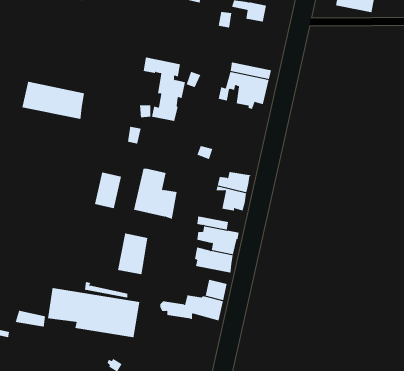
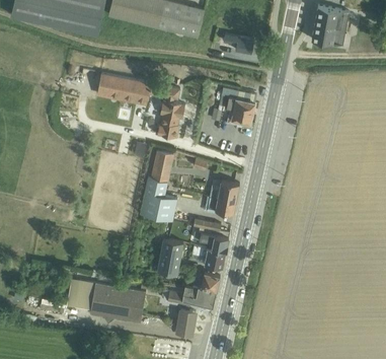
building: [21,81,85,119] -> [96,73,150,105]
building: [94,172,122,209] -> [151,150,174,182]
building: [117,233,148,275] -> [157,238,183,274]
building: none -> [169,305,197,335]

